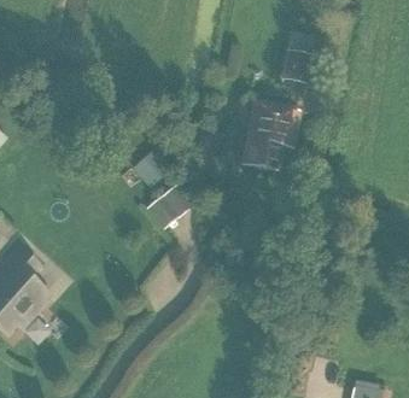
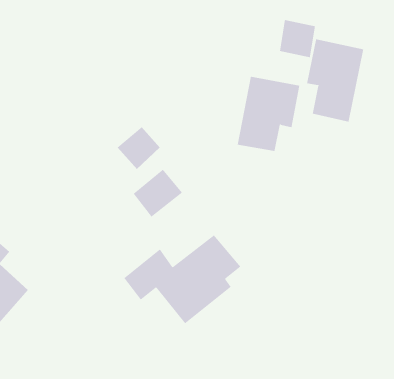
building: none -> [306,39,364,122]
building: none -> [124,234,241,324]

